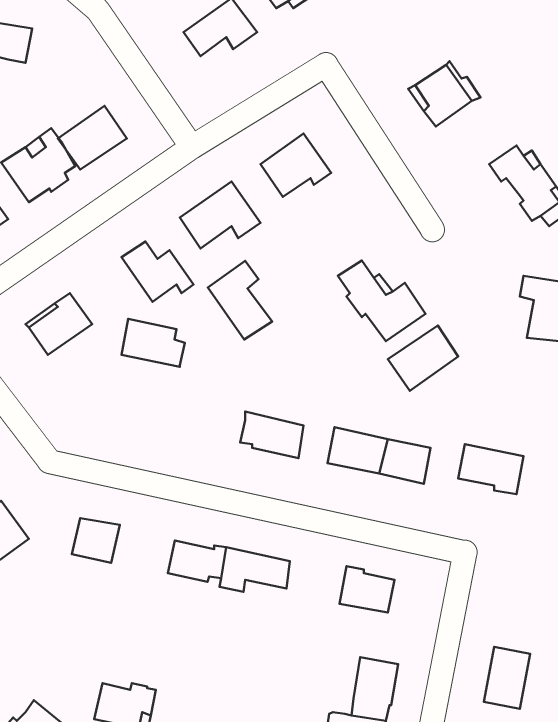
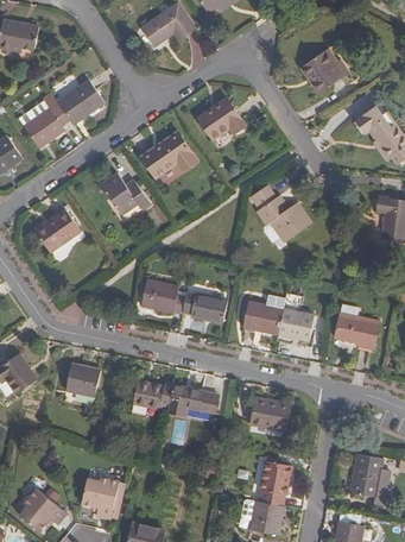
building: [208,261,272,339] -> none
building: [121,319,185,367] -> [141,281,185,314]
building: [388,325,458,391] -> none

